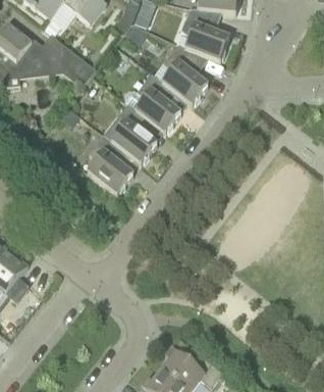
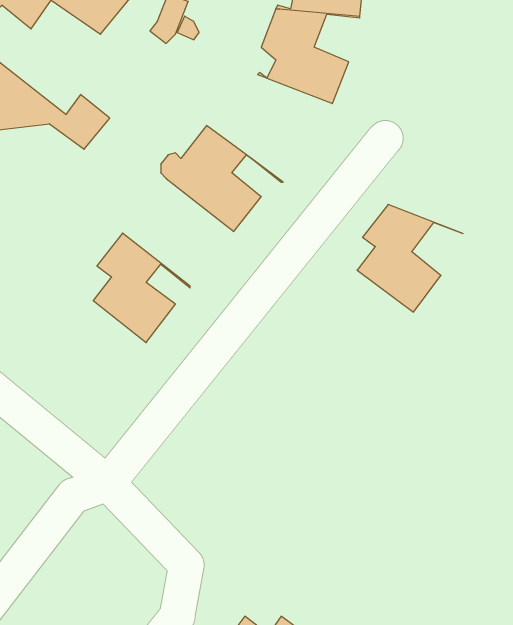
building: [160,45,219,105] -> [357,204,463,312]
building: [102,103,164,163] -> none

